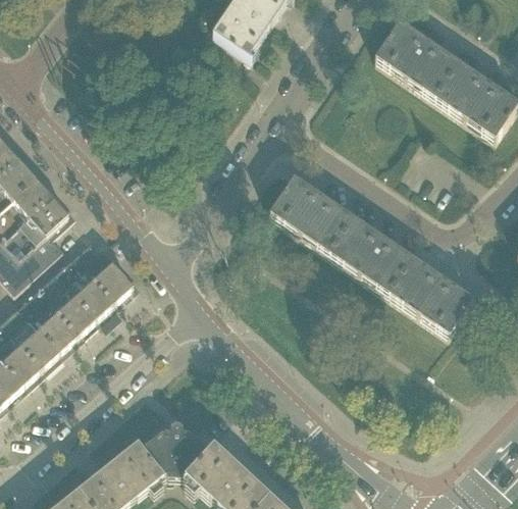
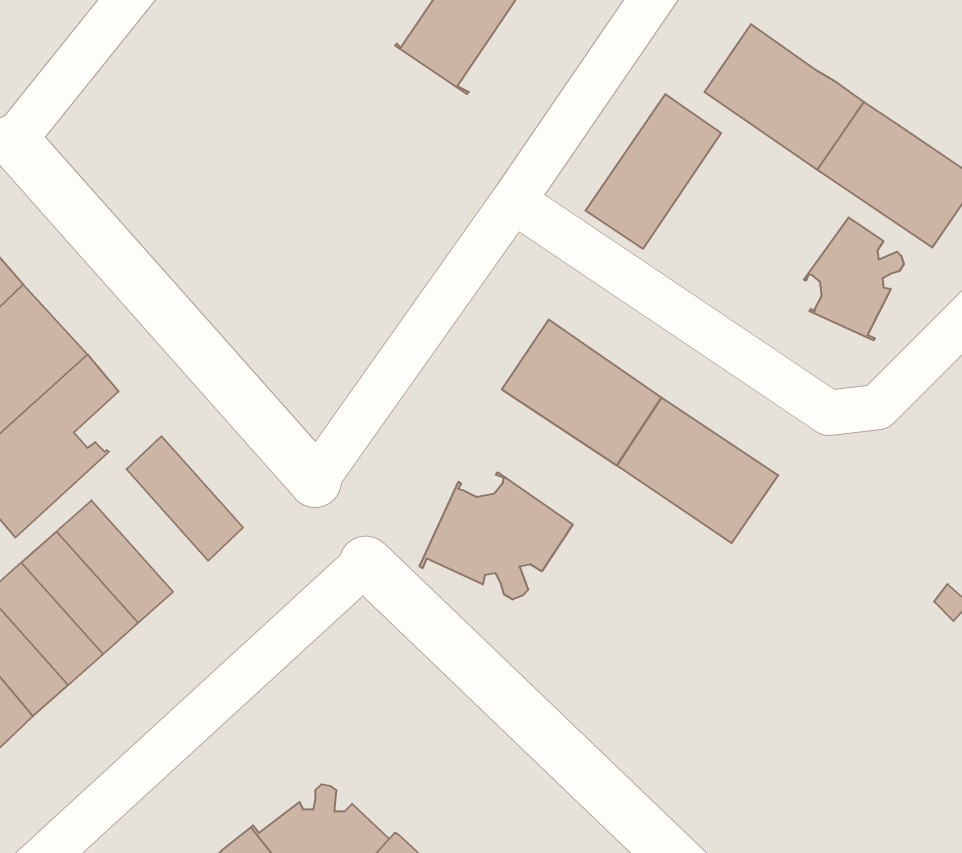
building: none -> [585,94,721,249]
building: none -> [804,217,904,340]
building: [55,255,116,319] -> none
building: none -> [420,472,573,600]
building: [391,258,474,334] -> none

